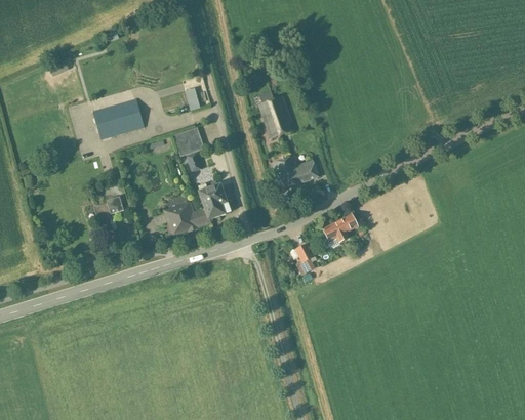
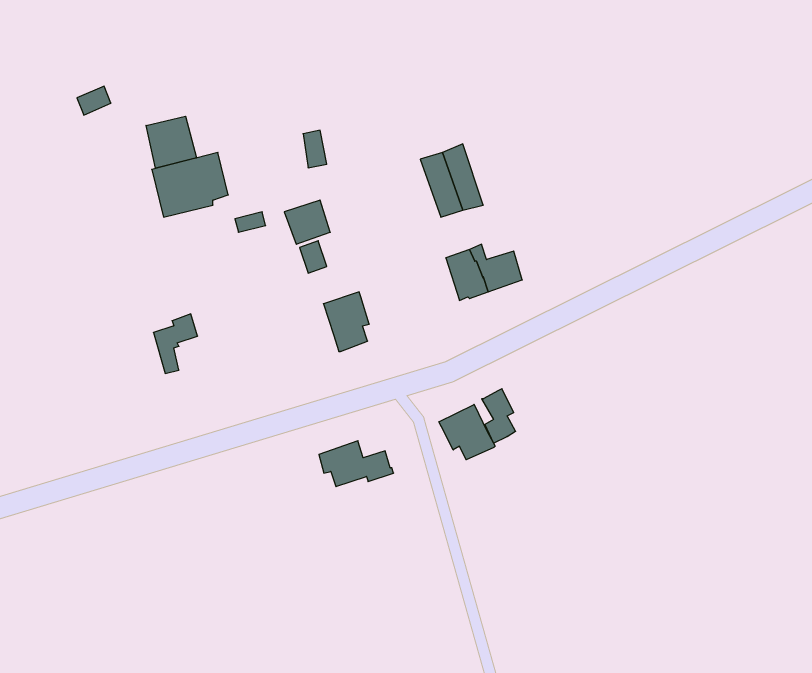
building: none -> [146,116,196,168]
building: [164,203,209,230] -> [319,441,394,487]
building: [321,213,357,241] -> none
building: none -> [439,404,495,460]

